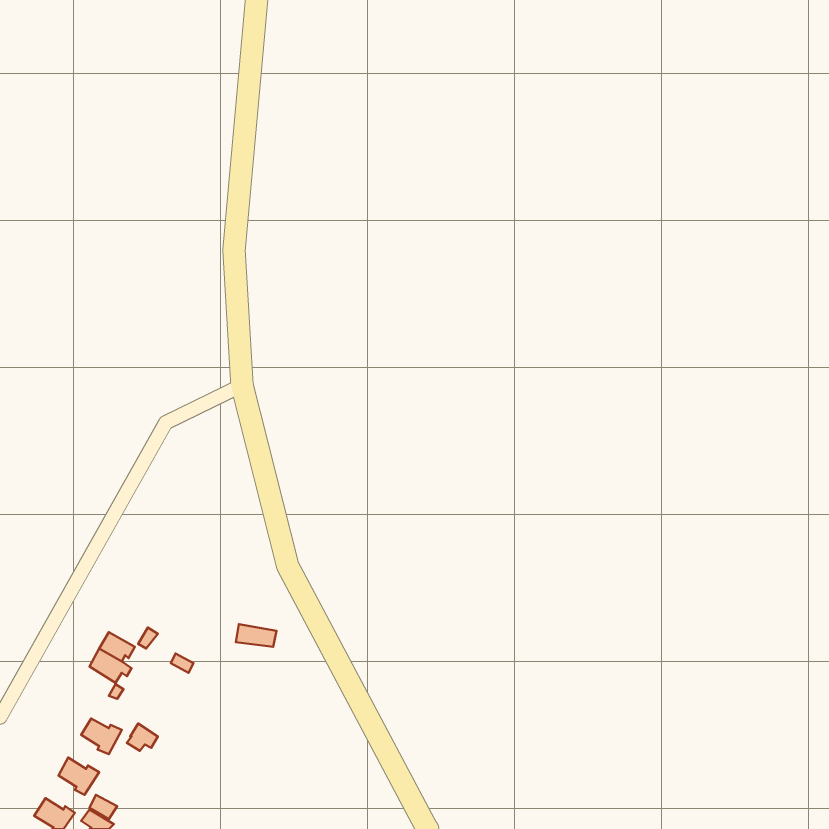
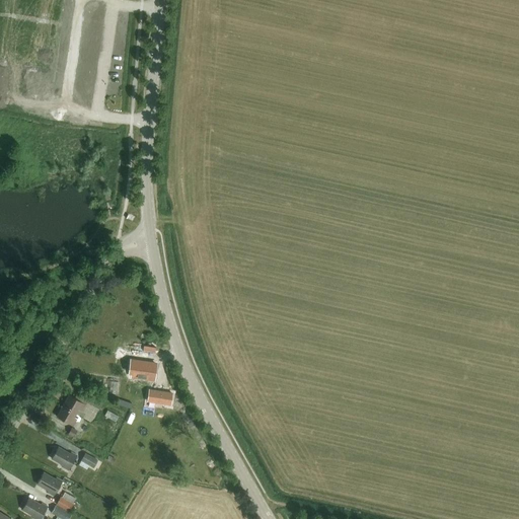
building: none -> [129,359,157,379]

